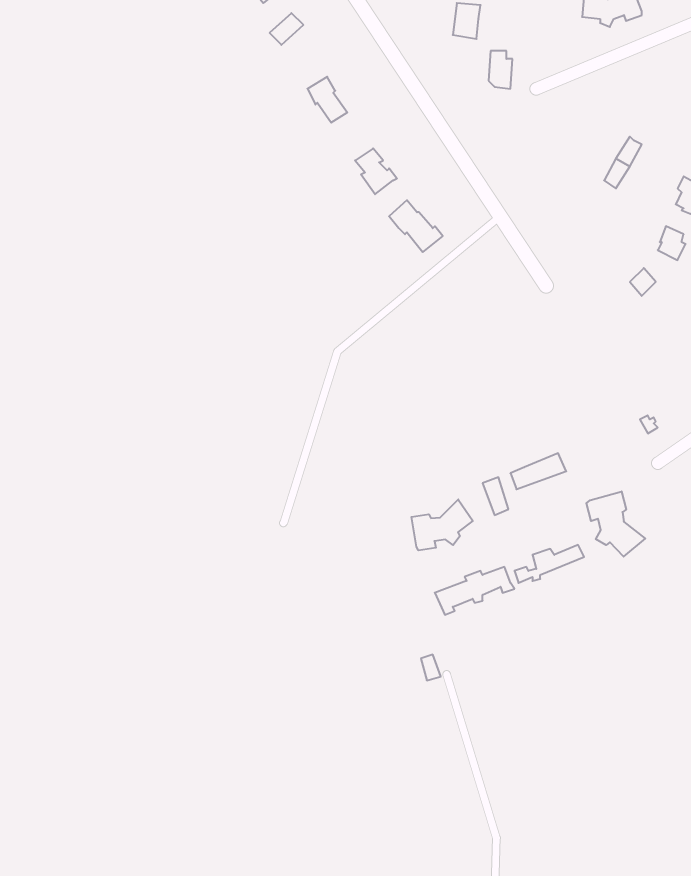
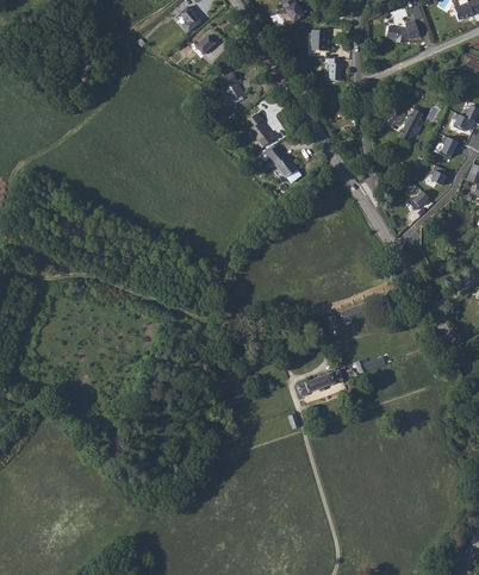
building: [586,491,645,557] -> none
building: [411,499,473,550] -> none

